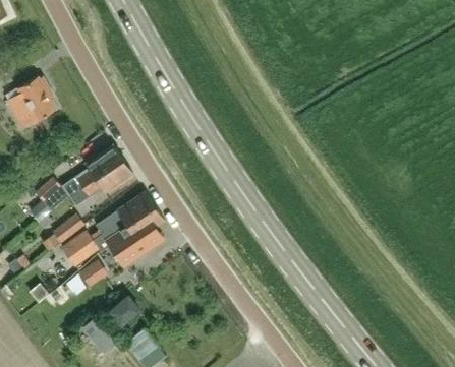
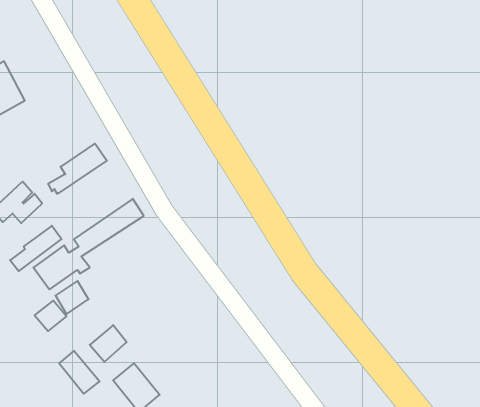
building: [68,160,131,205] -> none
building: [101,205,164,263] -> none

